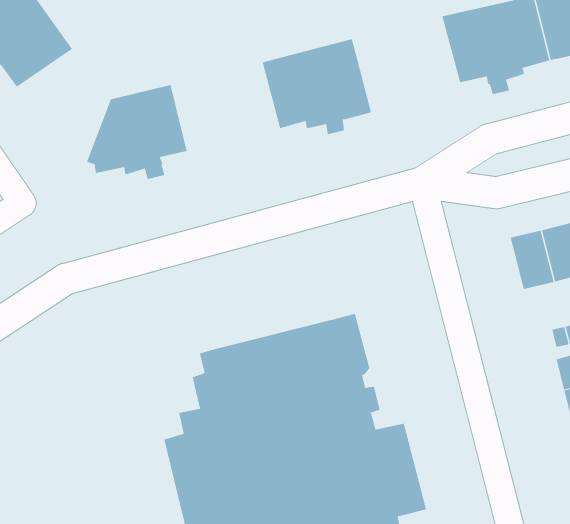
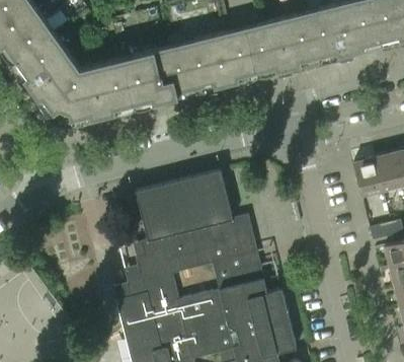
building: none -> [245,13,318,82]
building: none -> [16,35,80,115]
building: none -> [122,37,195,110]
building: none -> [136,172,232,241]

